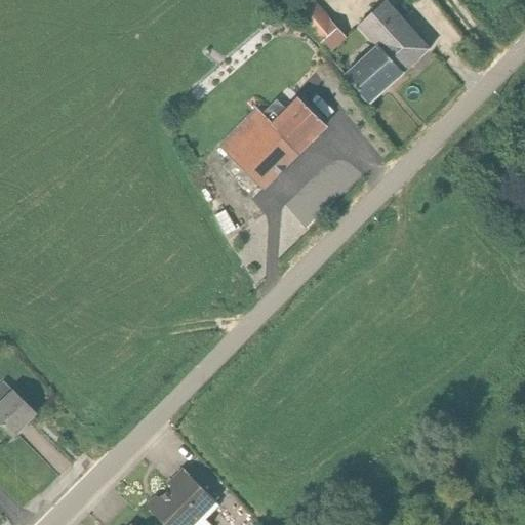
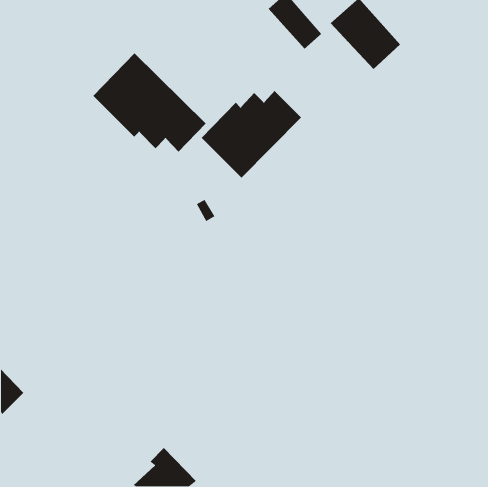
building: [346,45,403,102] -> none
building: none -> [92,52,207,152]

